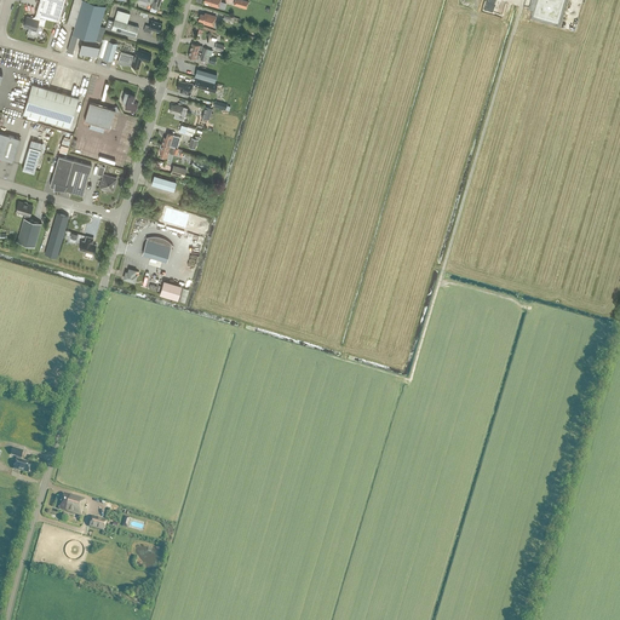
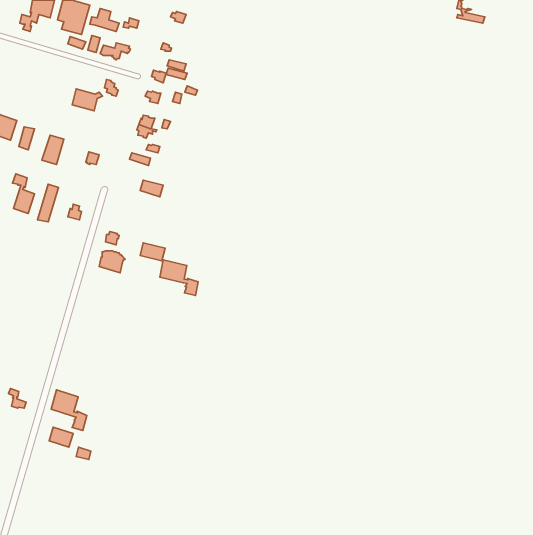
building: [22,84,78,127] -> none
building: [65,161,91,195] -> none
building: [142,236,172,262] -> [99,251,125,273]
building: none -> [160,260,198,295]
building: none -> [51,390,87,431]

